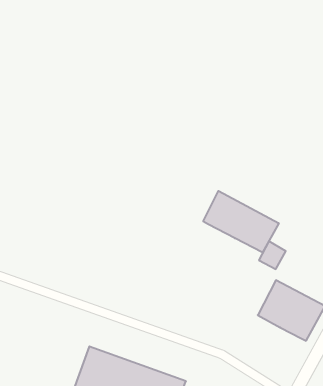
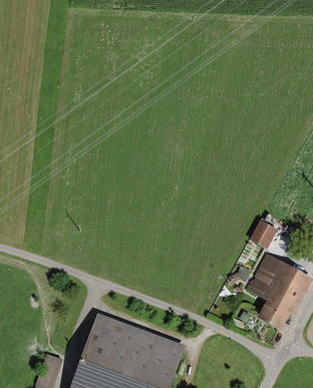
building: [203,191,279,253] -> none
building: none -> [259,297,288,324]

